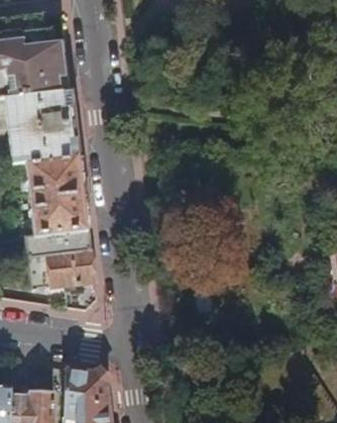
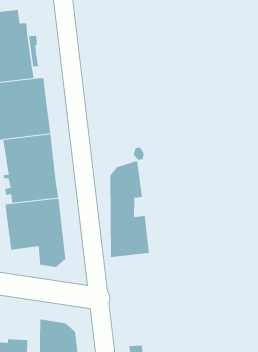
building: none -> [110,160,150,258]

